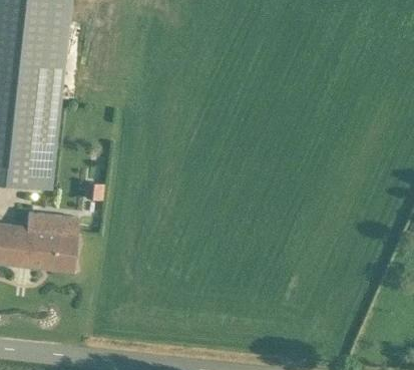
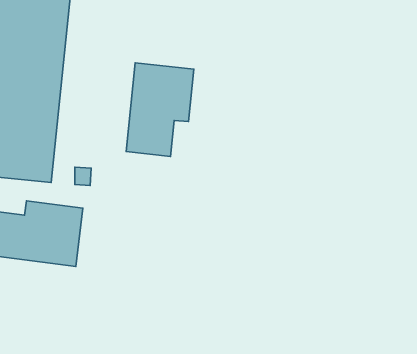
building: none -> [126,63,194,157]

